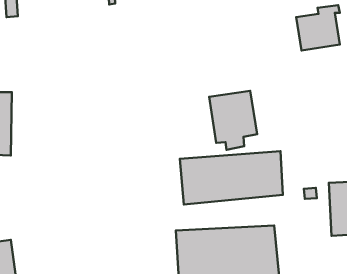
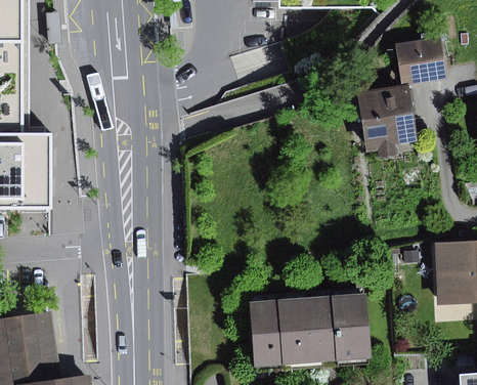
building: [209,91,257,150] -> [357,87,415,158]
building: [180,151,283,204] -> none

